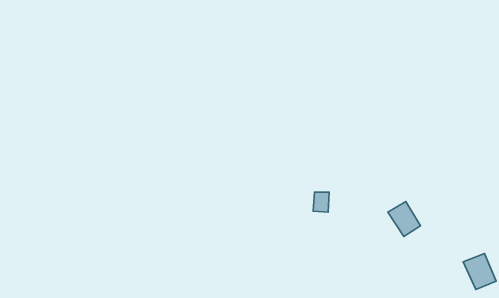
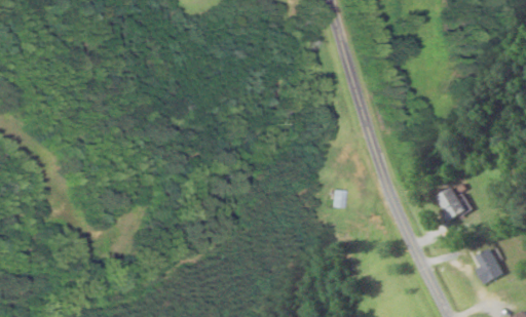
building: [388,202,421,237] -> [434,187,465,221]

